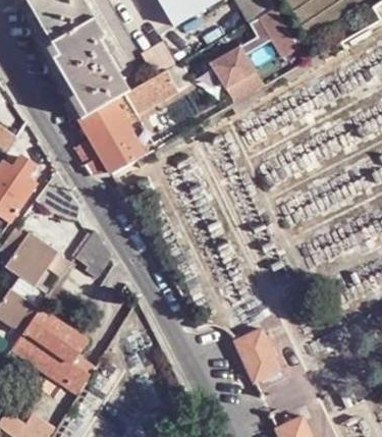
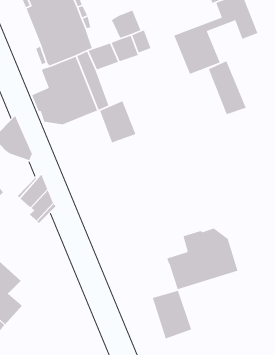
building: none -> [208,60,247,115]
building: none -> [99,100,137,144]
building: none -> [167,227,239,290]

